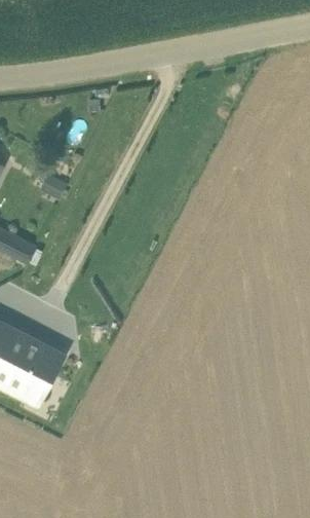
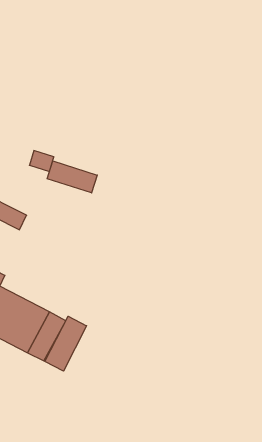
building: none -> [47,161,97,193]
building: none -> [45,316,87,371]

